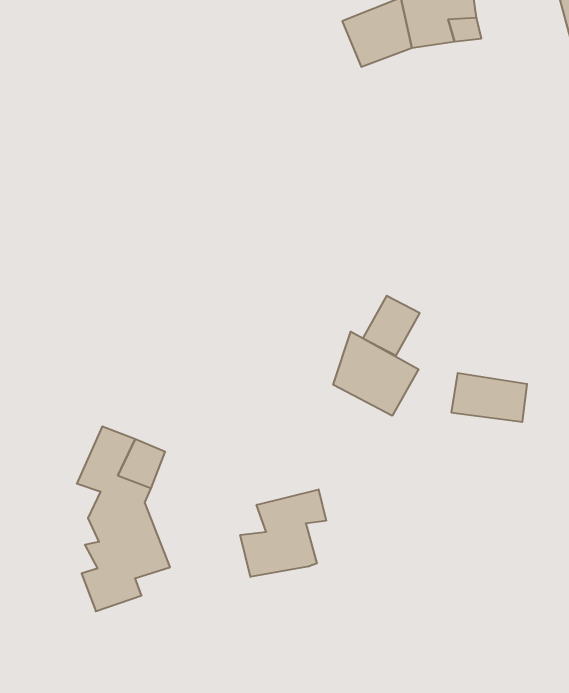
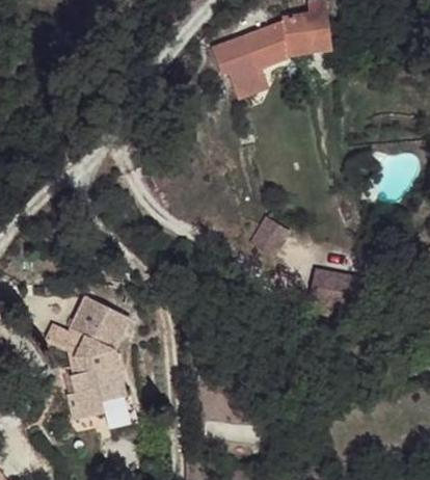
building: none -> [207,37,256,76]
building: [333,332,419,416] -> none
building: [240,489,326,577] -> none

